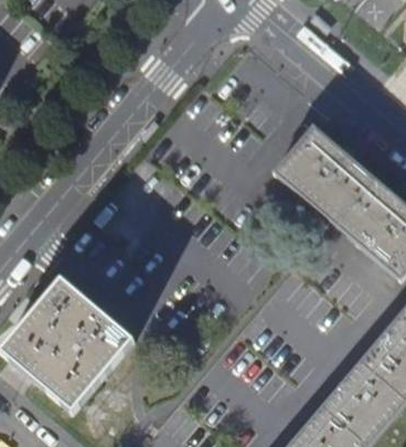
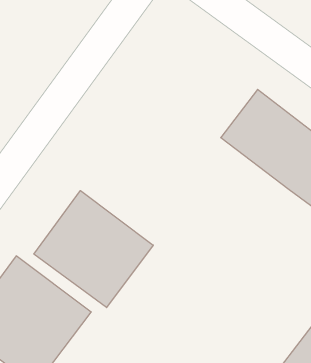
building: none -> [34,191,153,308]

